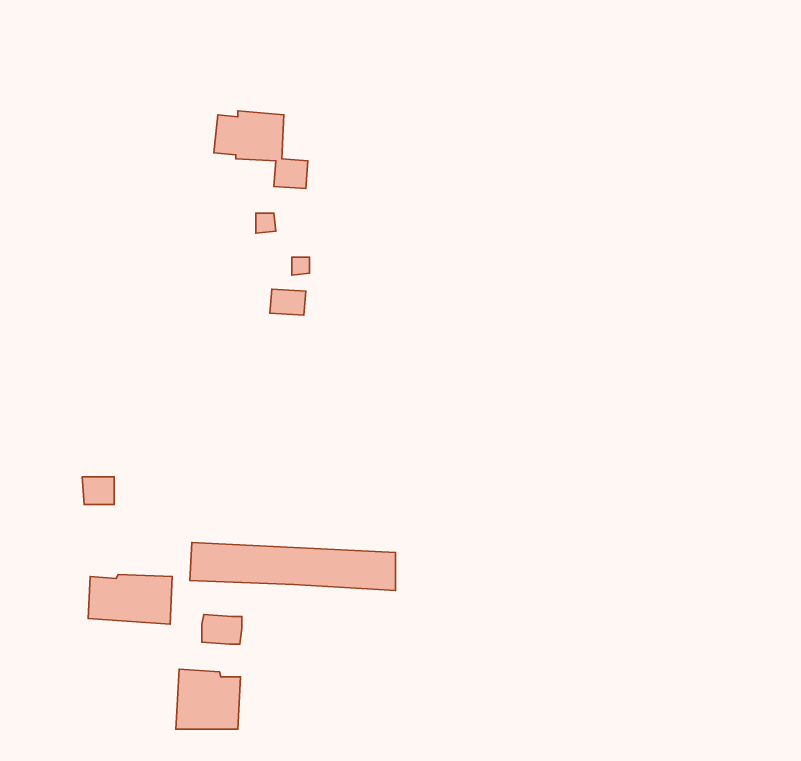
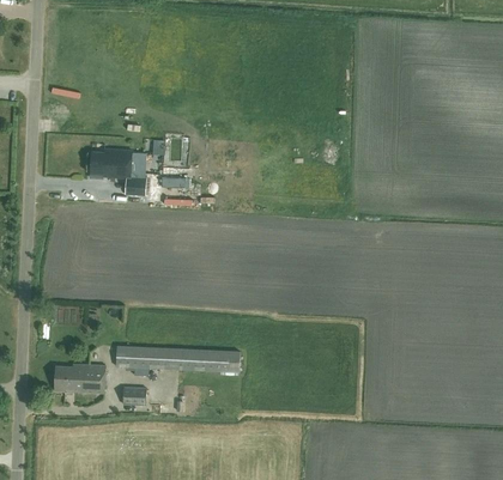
building: [214,111,308,189] -> [89,148,145,195]
building: [176,669,240,729] -> none

